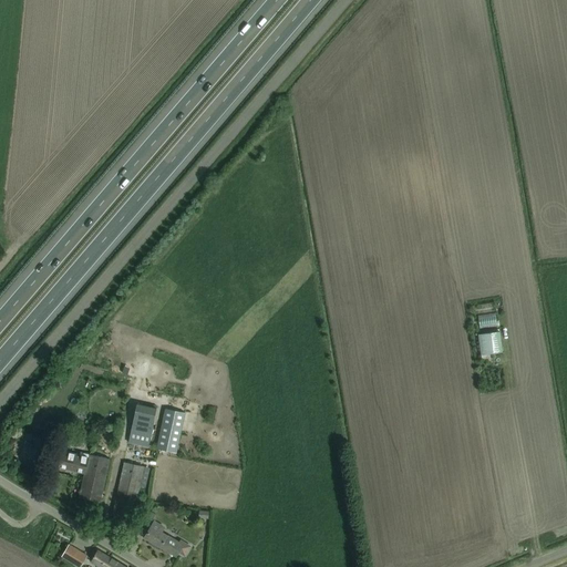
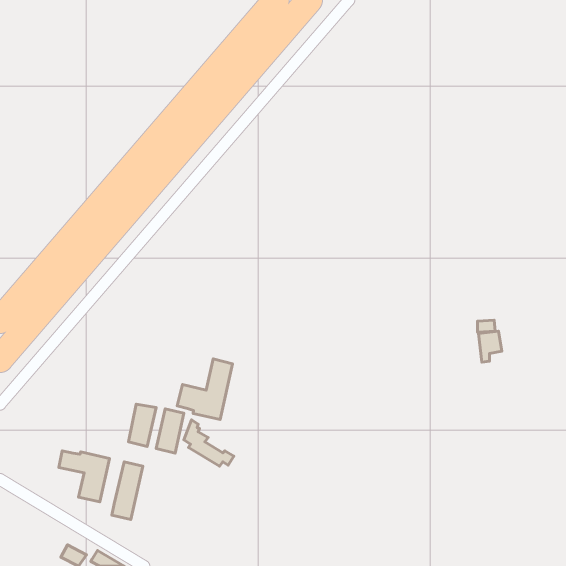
building: none -> [177,359,233,419]
building: [140,509,189,556] -> [184,420,234,466]

